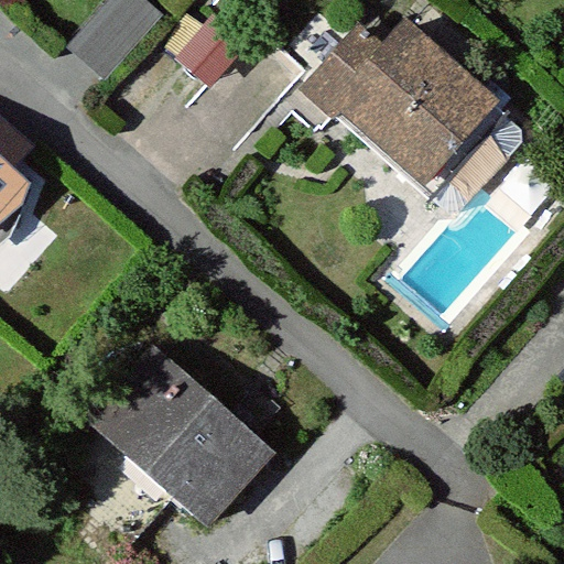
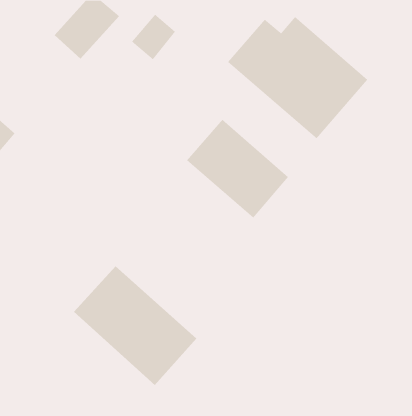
building: none -> [186,119,289,218]

